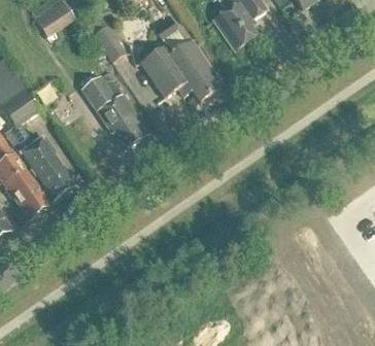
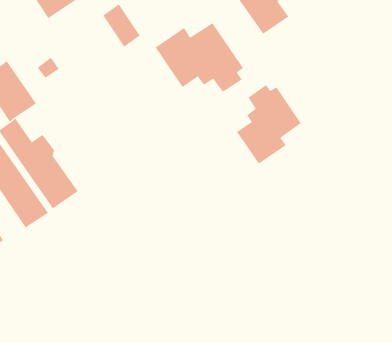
building: [80,73,145,145] -> none
building: none -> [236,84,301,165]

